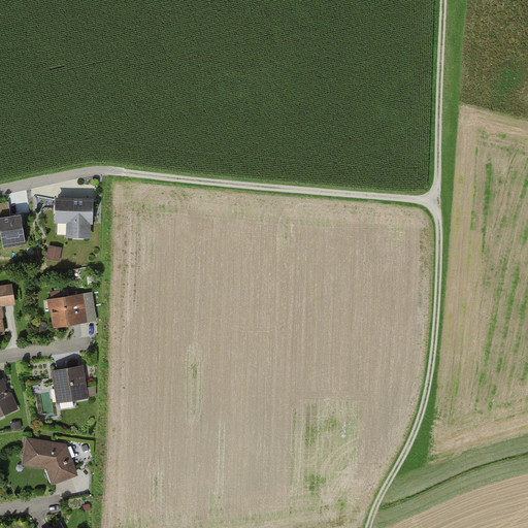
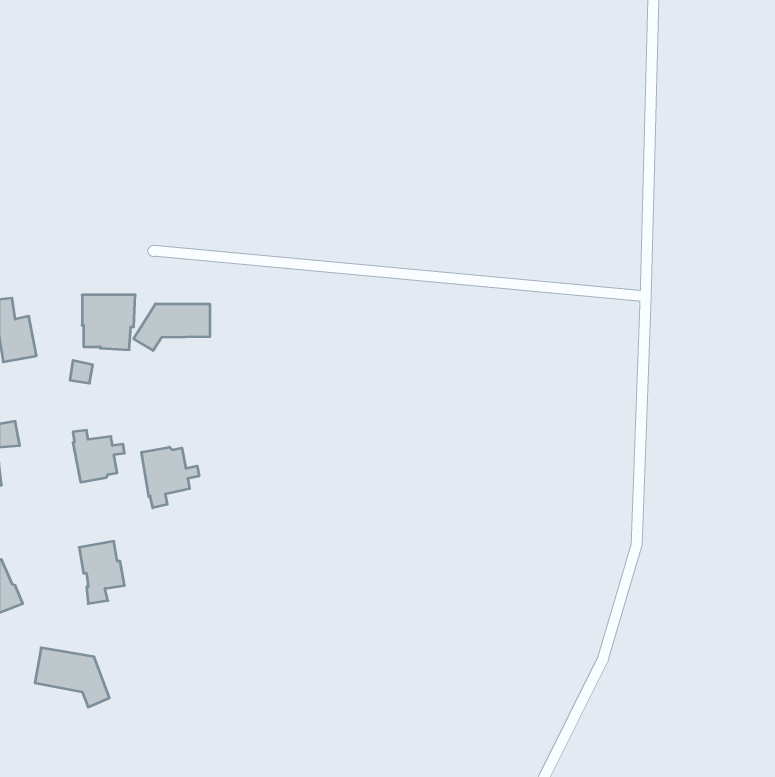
building: none -> [134,304,210,351]
building: none -> [142,447,199,508]

